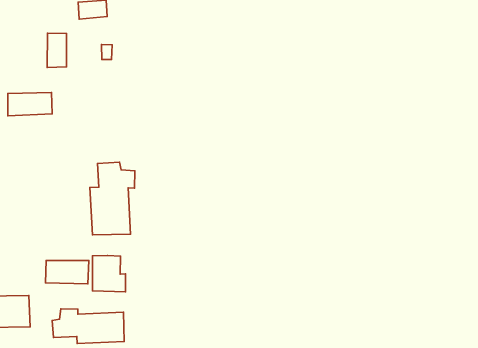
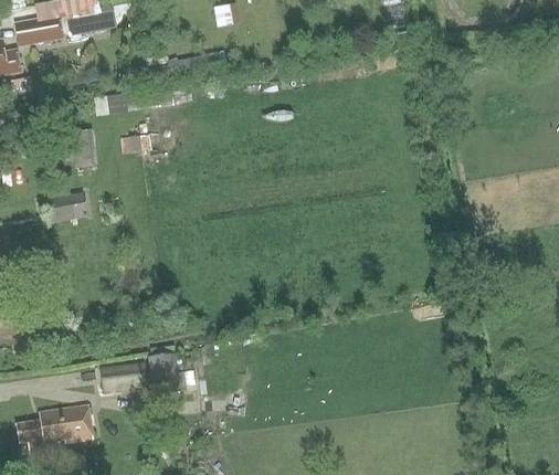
building: [90,162,135,235] -> none
building: [52,309,124,343] -> none

